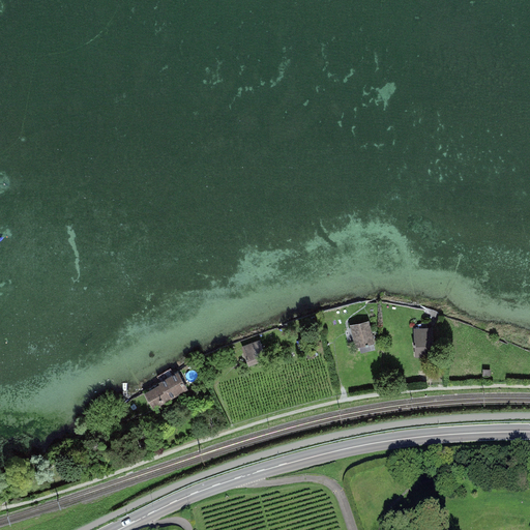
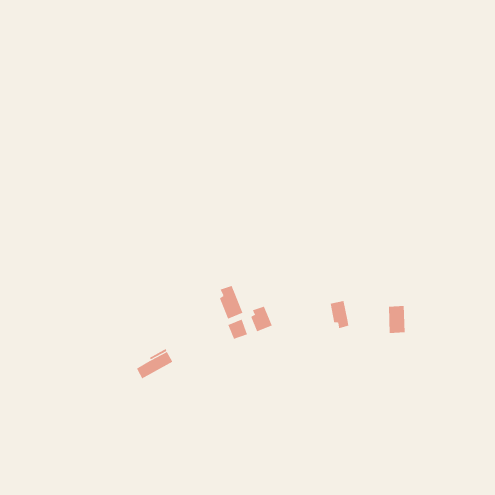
building: none -> [219,285,243,319]
building: none -> [250,306,272,332]

